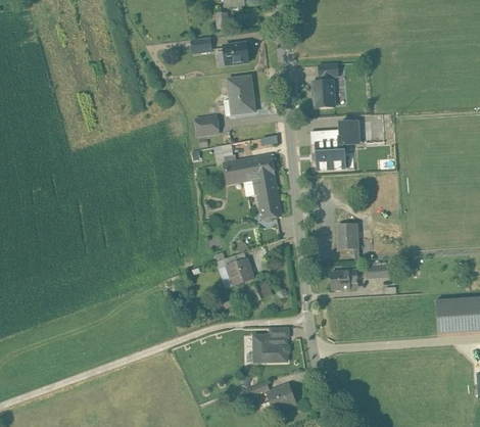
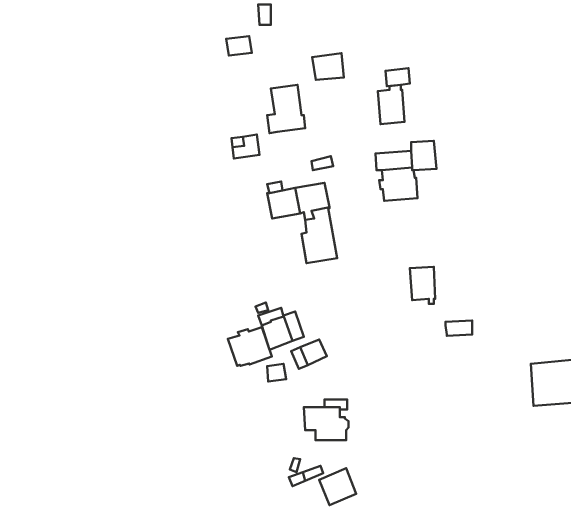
building: [223,42,248,63] -> [312,53,344,80]
building: [330,269,364,289] -> none
building: none -> [228,327,272,366]

